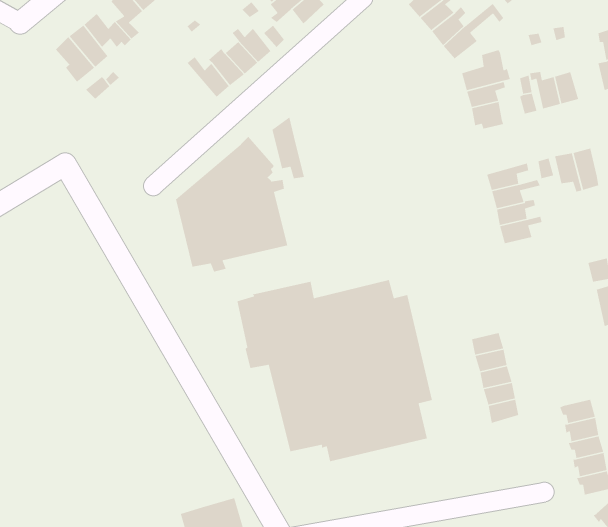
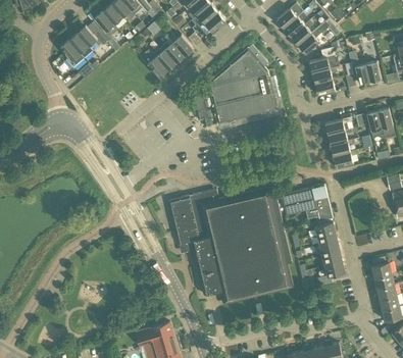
building: [175,136,288,272] -> [208,44,278,127]
building: none -> [282,185,333,222]

